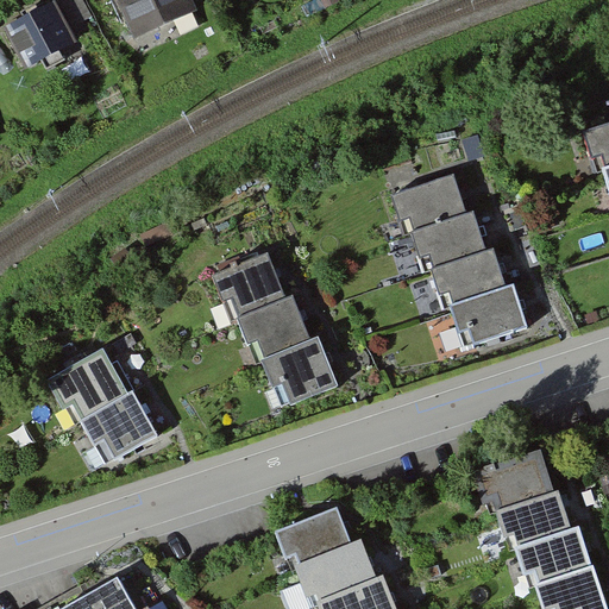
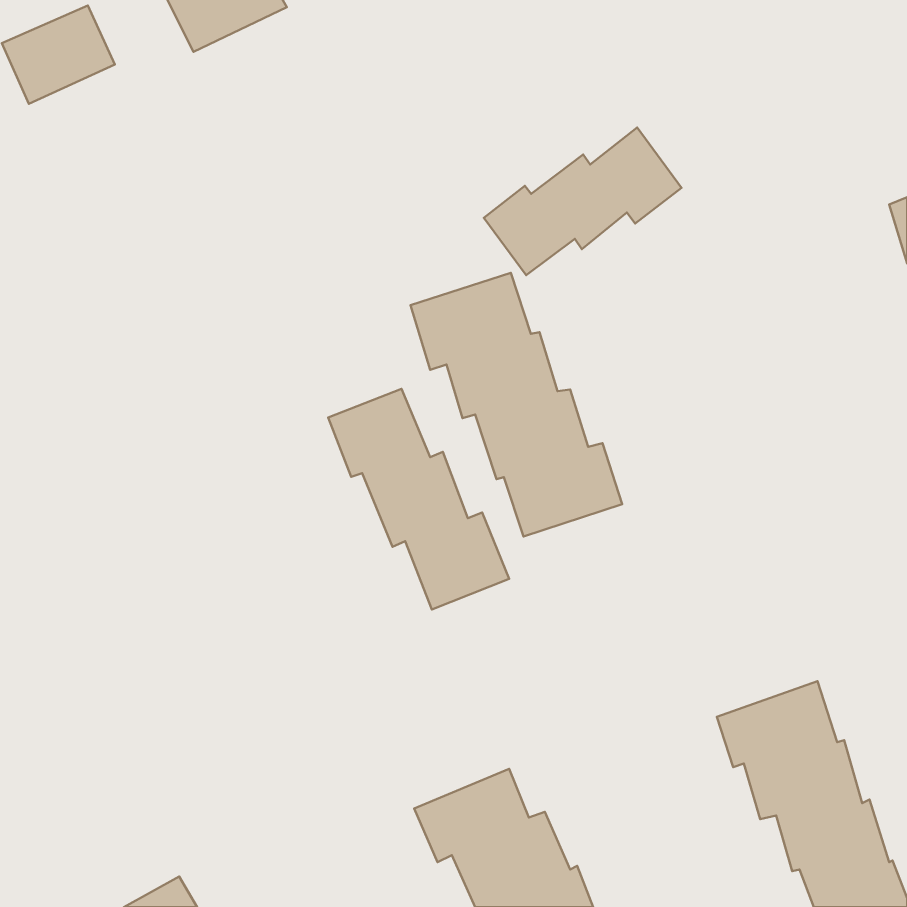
building: none -> [484,128,682,275]
building: [388,172,528,347] -> [411,273,622,536]
building: [51,352,158,462] -> none

